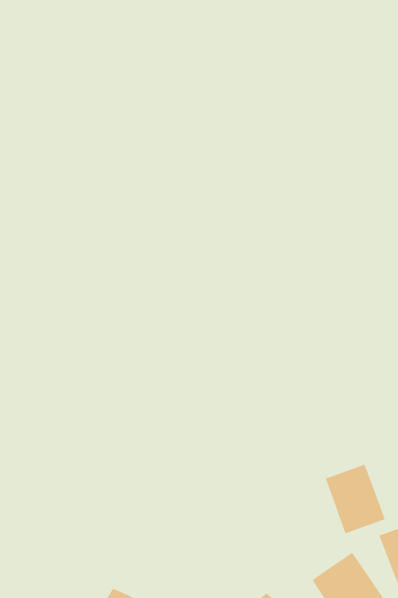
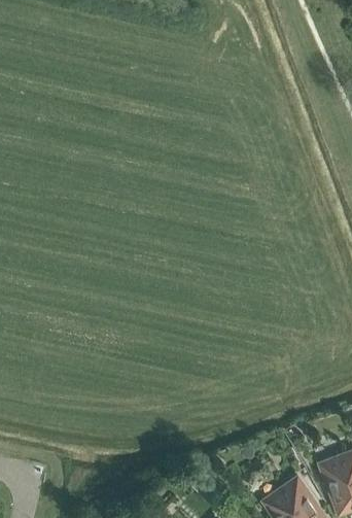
building: [325,464,385,534] -> none

